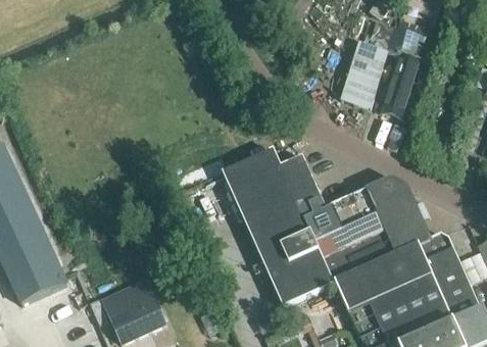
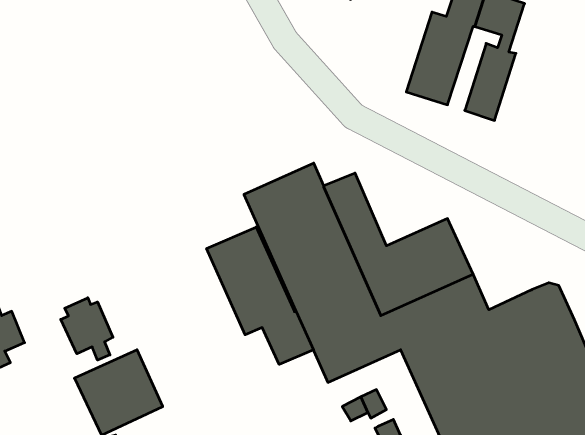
building: [369,179,429,254] -> none
building: none -> [207,227,313,364]
building: none -> [61,298,113,360]

